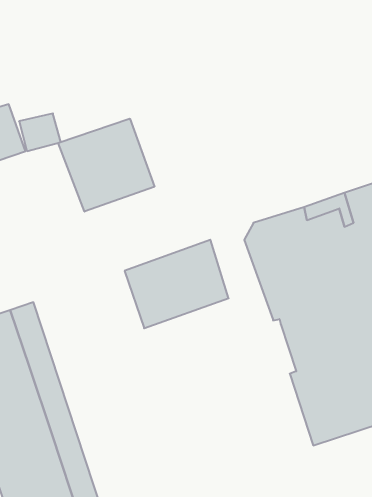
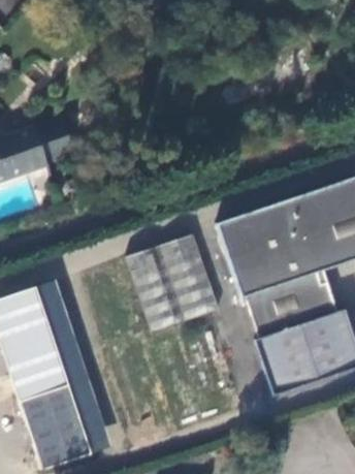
building: [58,119,154,212] -> none
building: none -> [141,279,219,334]

